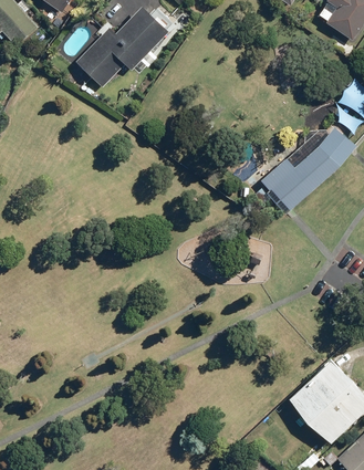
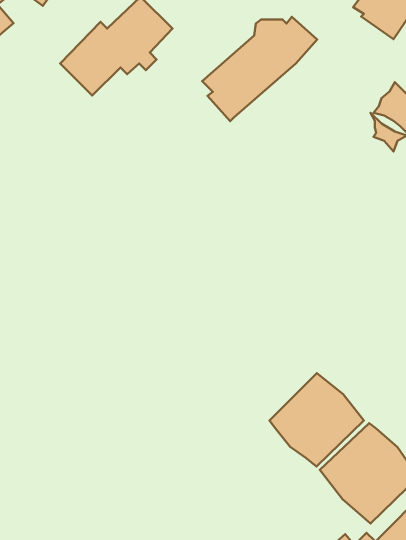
building: [260,127,355,213] -> [202,17,317,121]
building: none -> [270,373,364,466]

